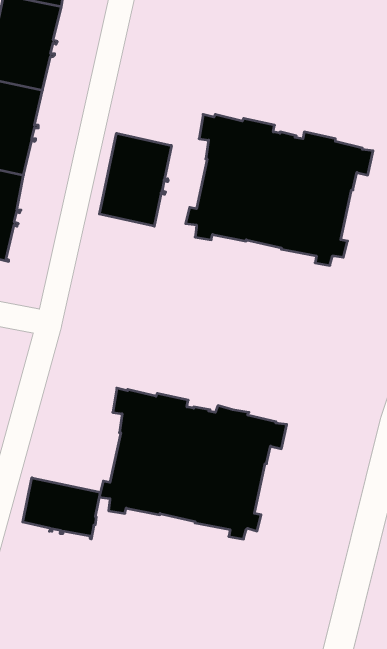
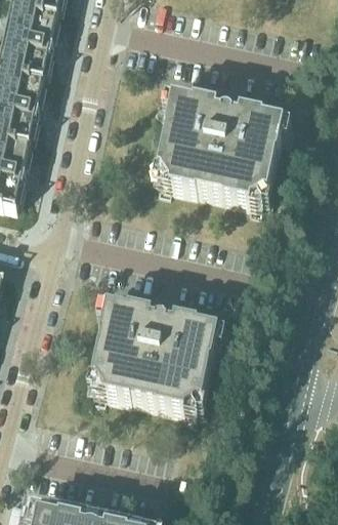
building: [99,133,171,226] -> none
building: [23,478,100,539] -> none

